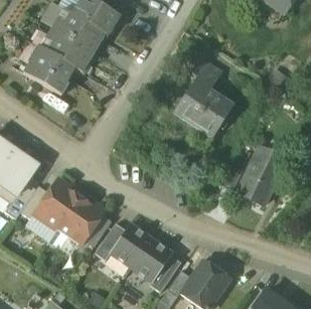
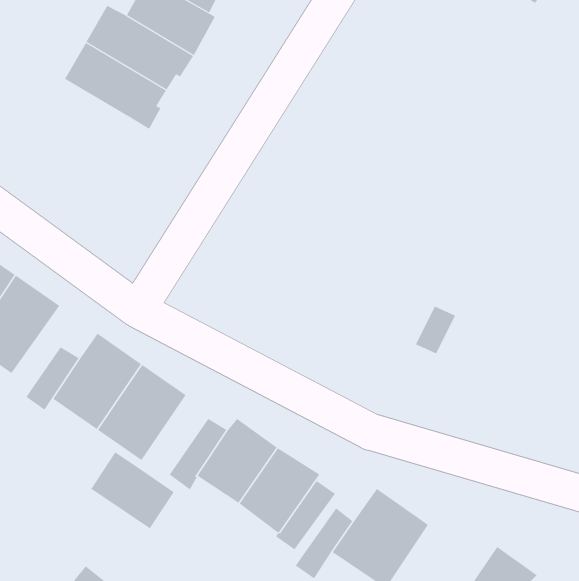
building: [23,46,74,96] -> none
building: [175,59,232,136] -> none
building: [238,147,285,205] -> none
building: none -> [91,452,175,529]

